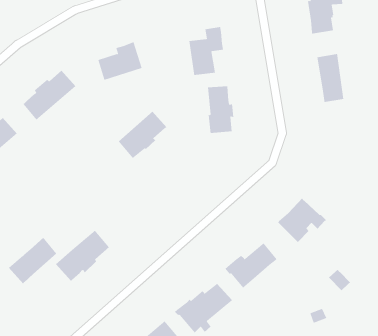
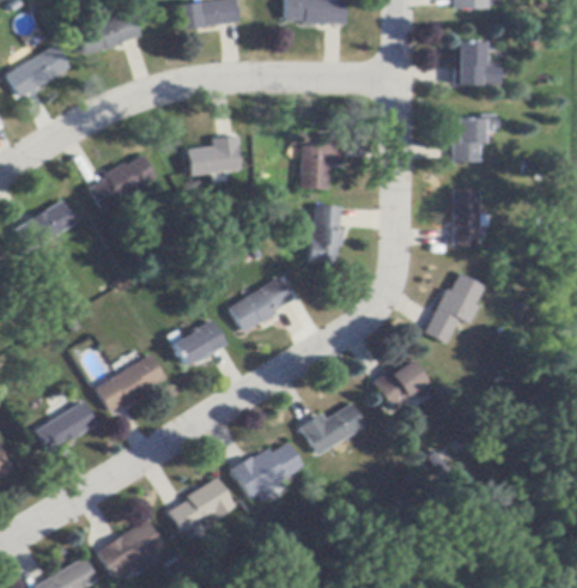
building: [118,111,167,159] -> [231,277,293,331]
building: none -> [425,273,484,343]
building: none -> [174,319,229,364]
building: [8,237,57,284] -> [36,400,98,453]

